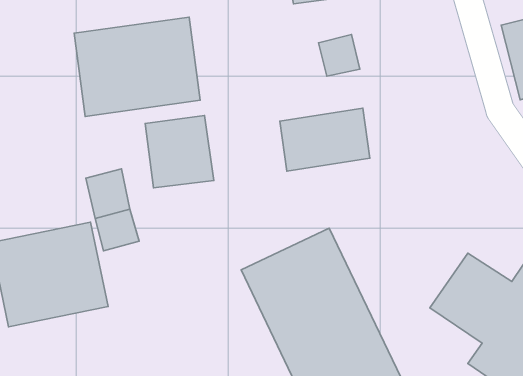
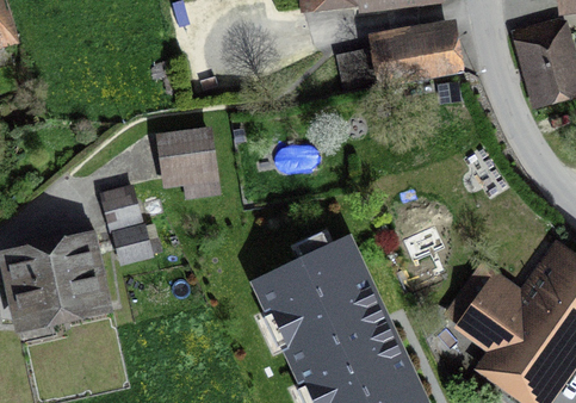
building: [74,17,200,116] -> none
building: [280,108,370,171] -> [376,24,466,87]

